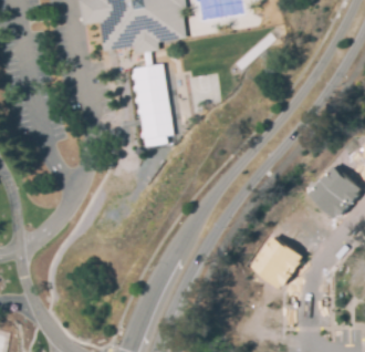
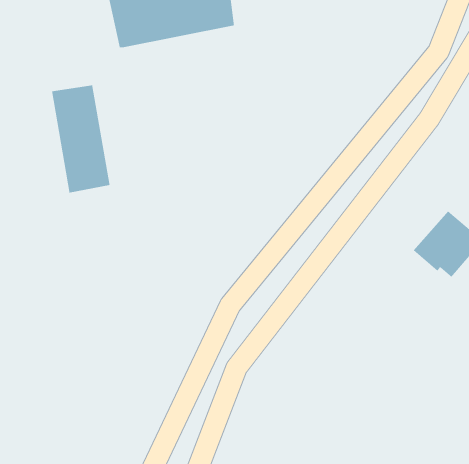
building: [133,62,174,137] -> [51,85,111,194]

